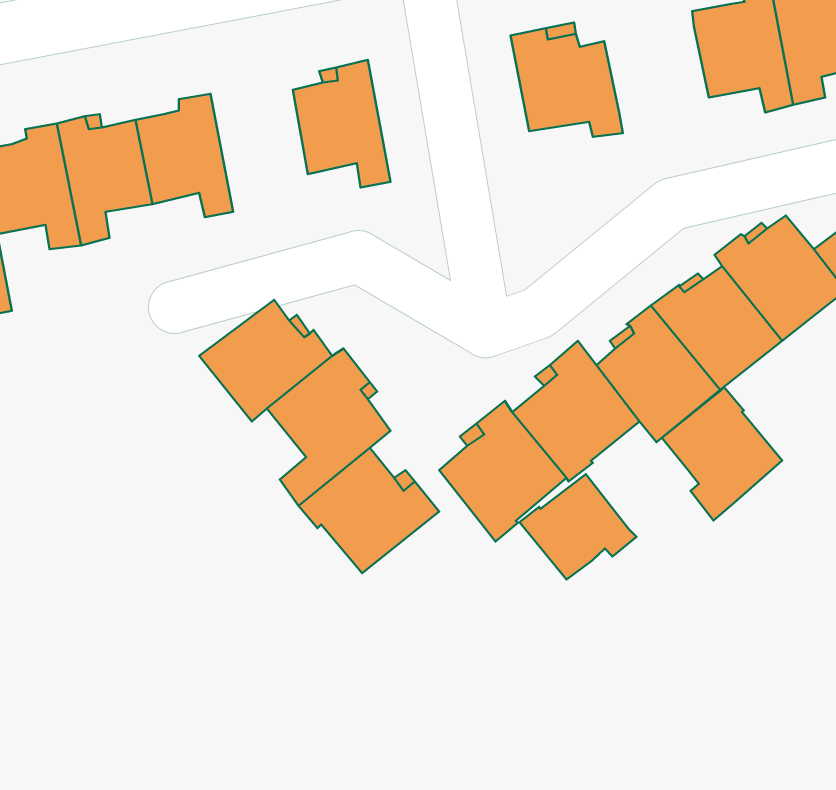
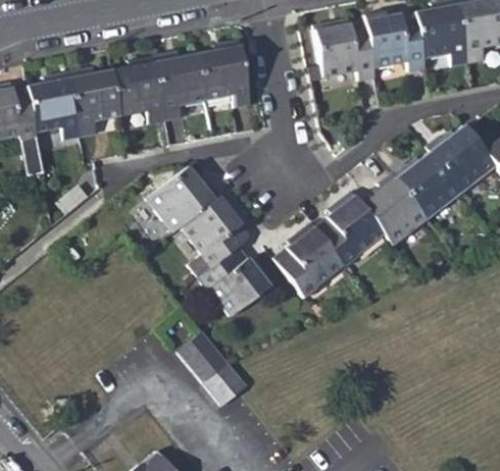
building: none -> [363,11,424,71]
building: none -> [151,53,204,121]
building: [662,387,782,521] -> none
building: [520,474,636,580] -> none
building: none -> [160,310,246,407]

